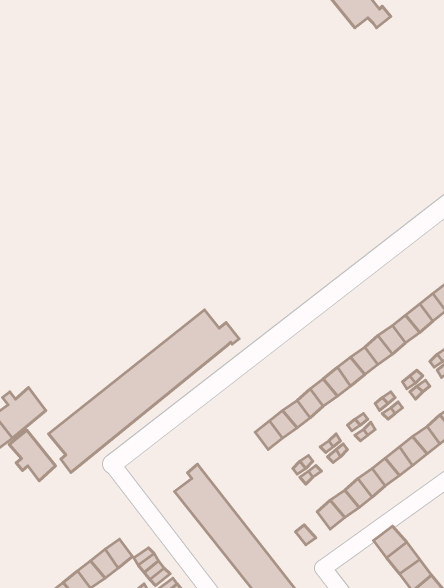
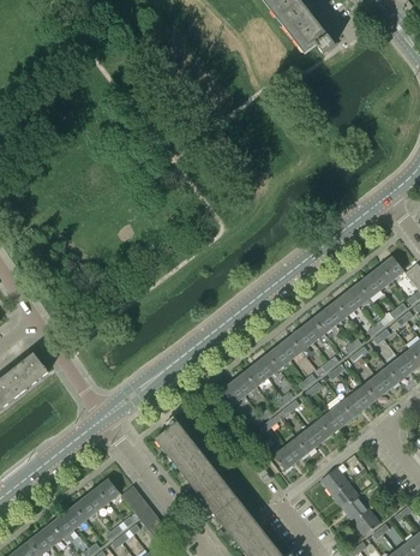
building: [49,310,239,473] -> none
building: [9,430,55,481] -> none

